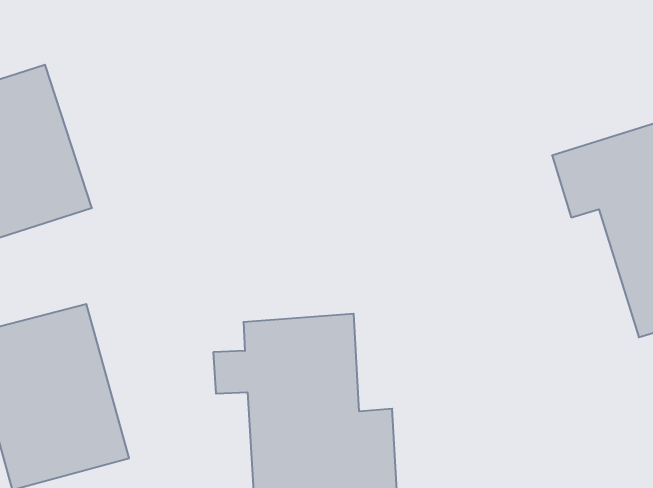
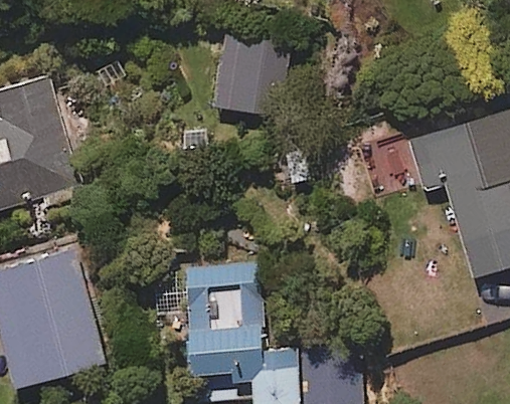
building: none -> [215,35,285,113]

